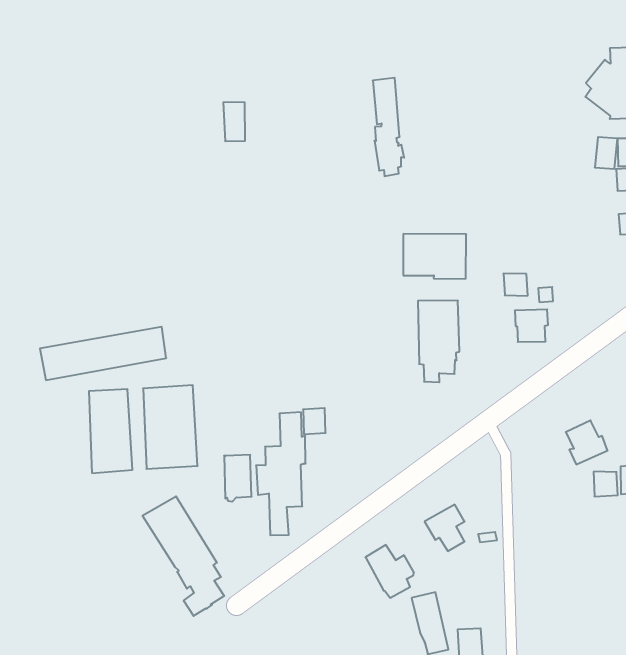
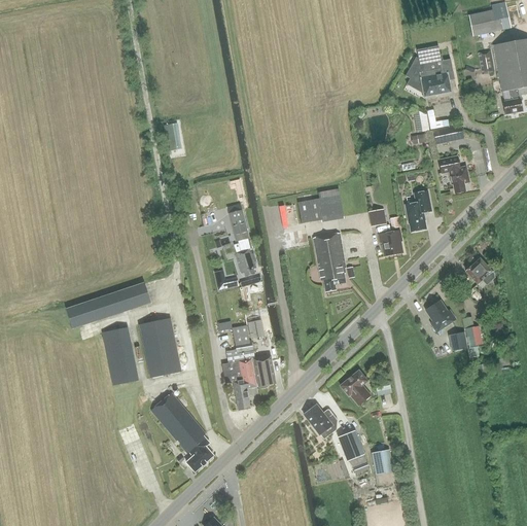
building: [373,78,404,176] -> [227,209,256,276]
building: none -> [405,190,430,232]
building: [224,455,252,501] -> [253,355,276,388]

